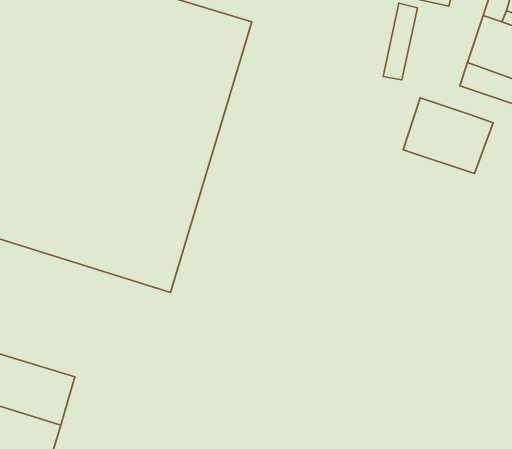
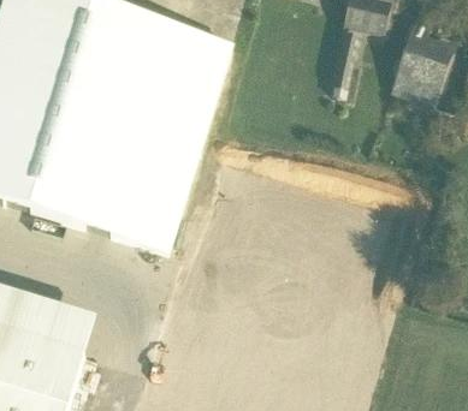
building: [403,98,493,174] -> none

